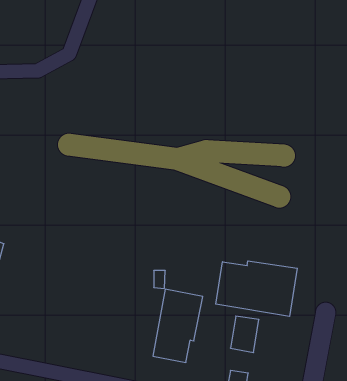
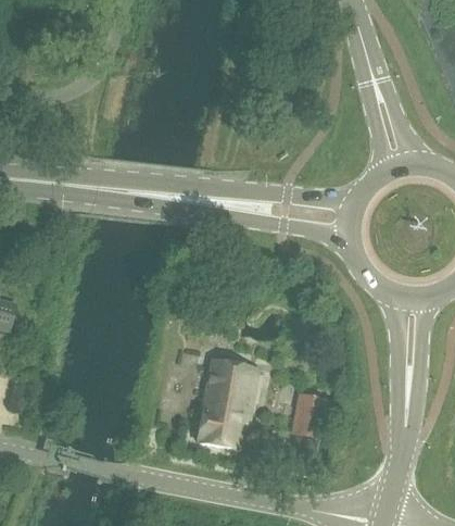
building: [216,261,297,316] -> none

